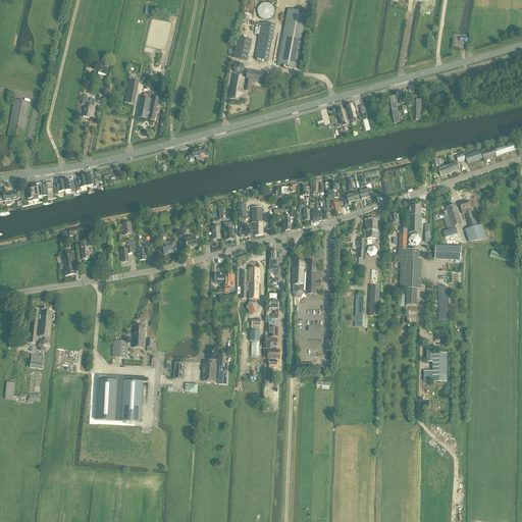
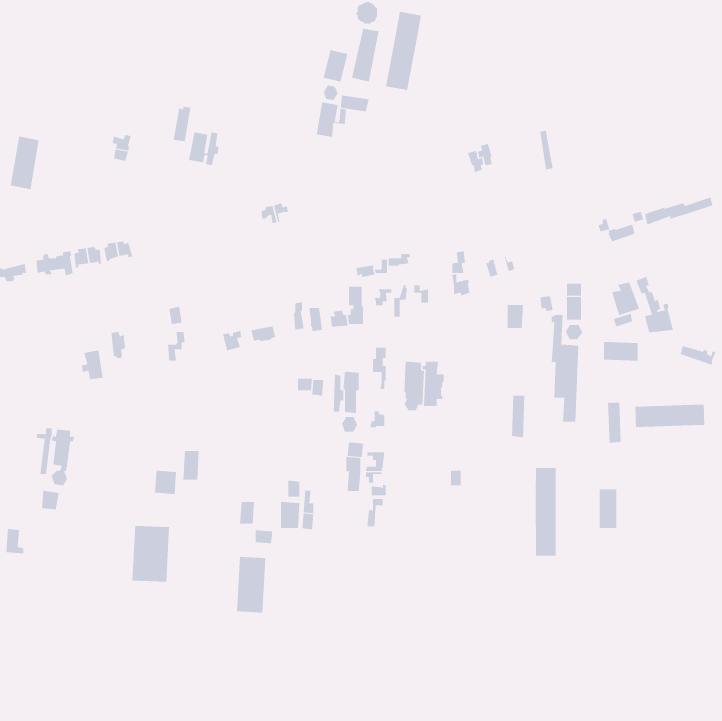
building: none -> [635,404,705,428]
building: none -> [535,467,556,557]
building: [120,379,142,420] -> [236,556,266,613]

